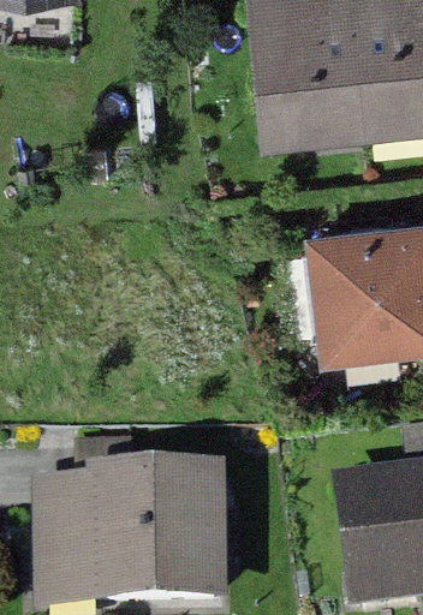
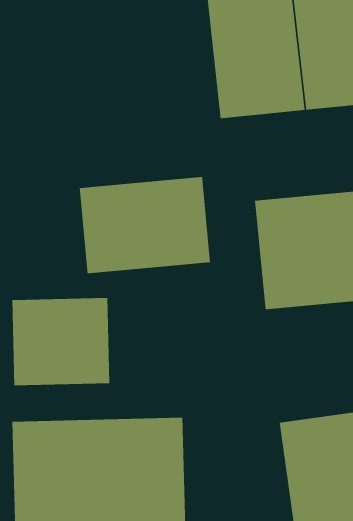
building: none -> [79,176,211,274]
building: none -> [12,297,110,386]

